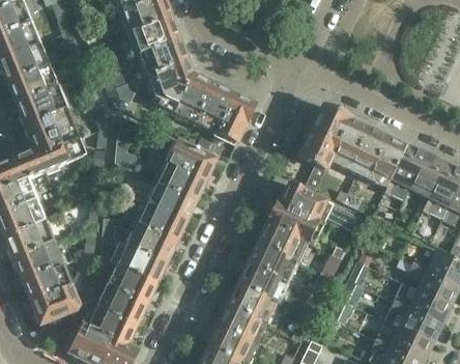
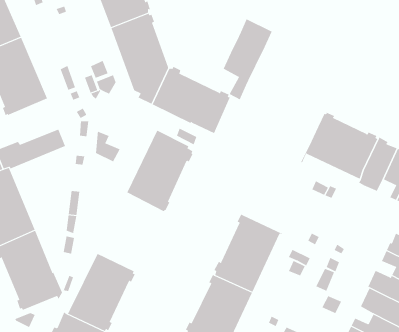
building: [25,105,78,151] -> none
building: [299,105,350,189] -> [223,18,272,100]
building: [266,183,361,244] -> none
building: [102,201,186,282] -> none

